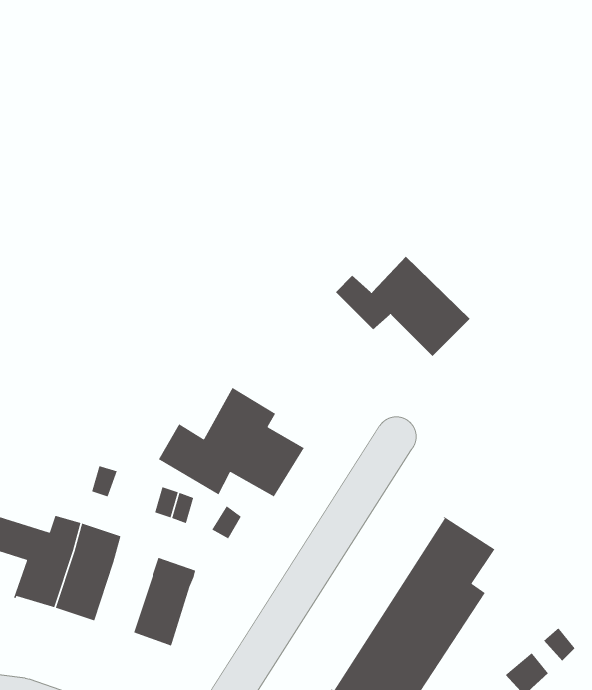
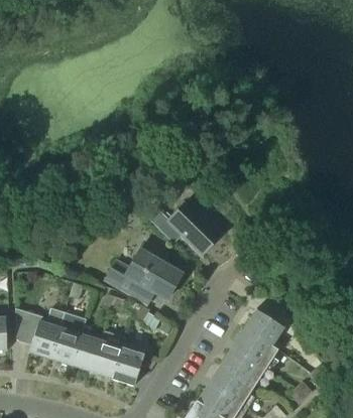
building: [335,256,471,357] -> [149,200,221,254]
building: none -> [71,333,101,371]
building: none -> [111,341,144,386]

